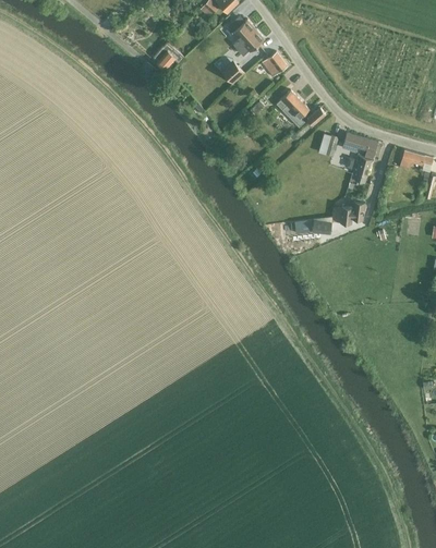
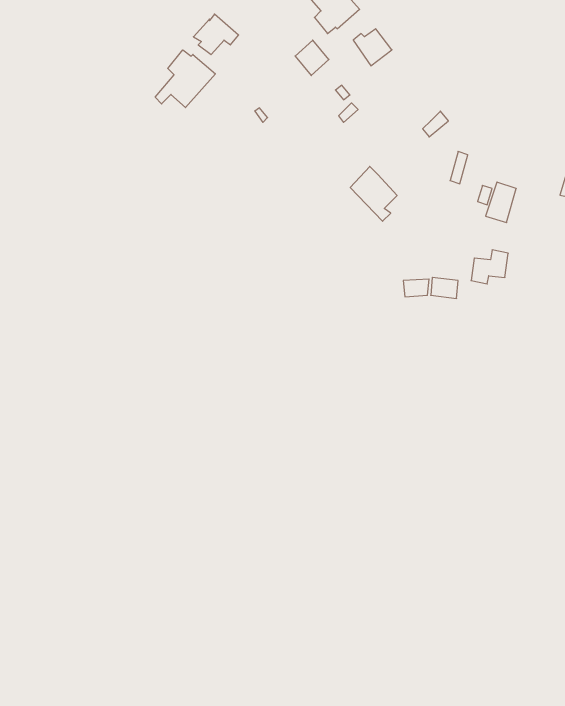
building: none -> [155,50,215,108]
building: [276,89,307,126] -> [350,166,397,221]
building: [341,132,376,158] -> none

